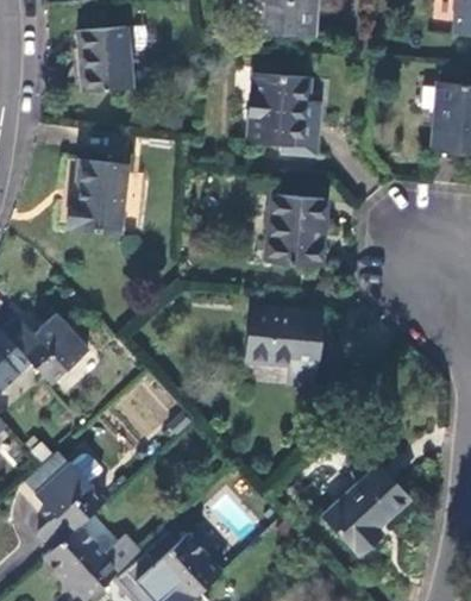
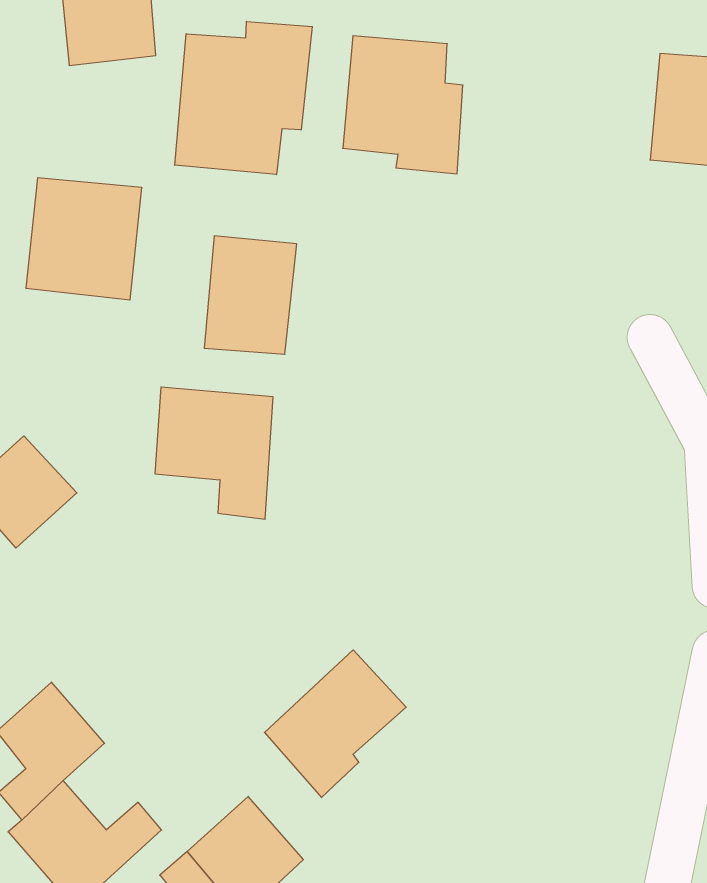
building: none -> [175,21,312,175]
building: [270,195,326,267] -> [204,236,297,354]
building: [249,306,320,386] -> [155,387,273,519]
building: [326,465,412,555] -> [264,650,406,798]

